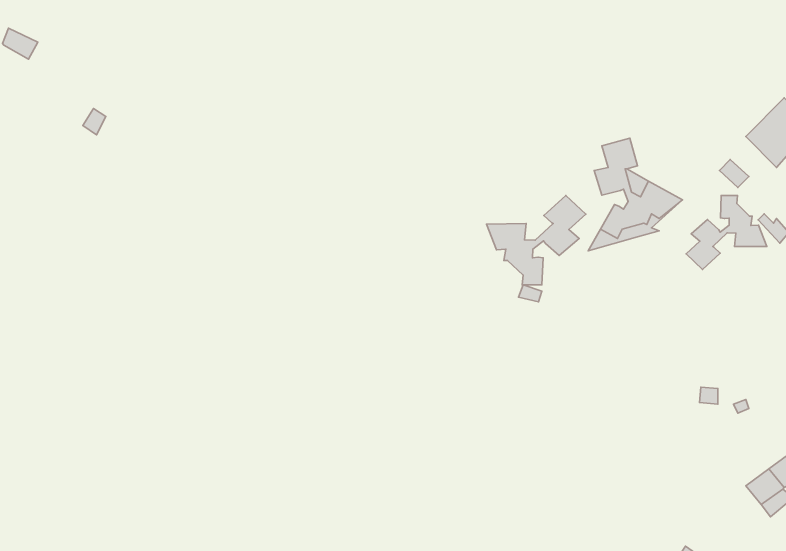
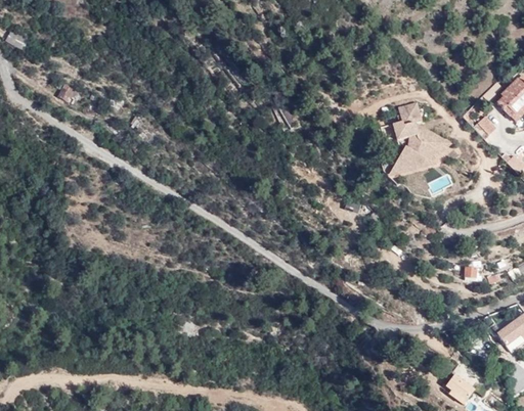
building: [686,196,767,270] -> none
building: [486,196,586,285] -> none

